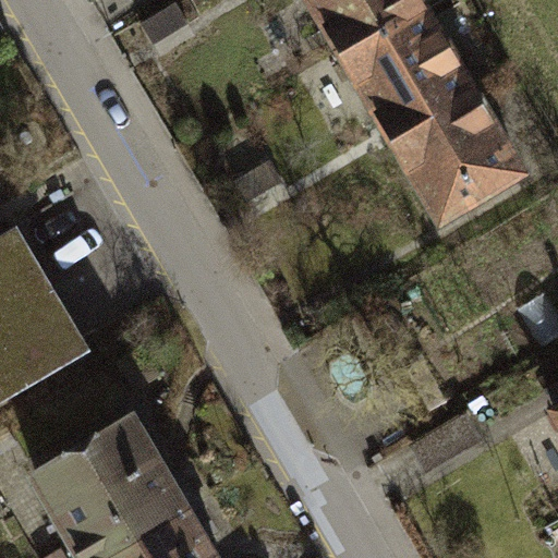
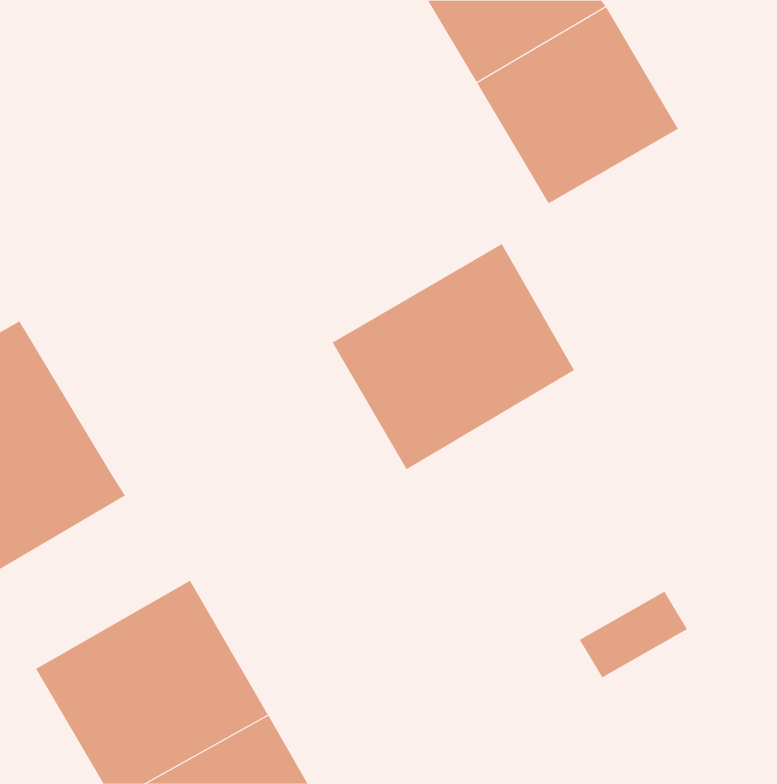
building: [389,92,534,234] -> none
building: none -> [332,243,575,470]

